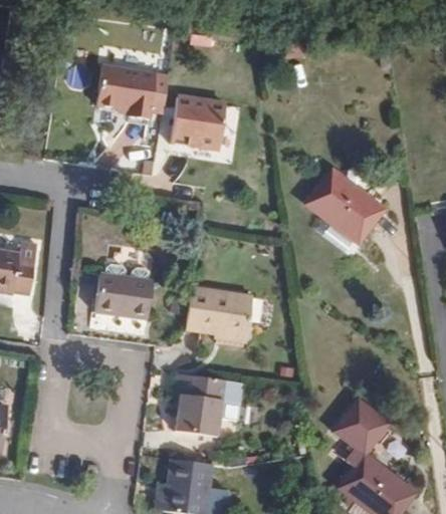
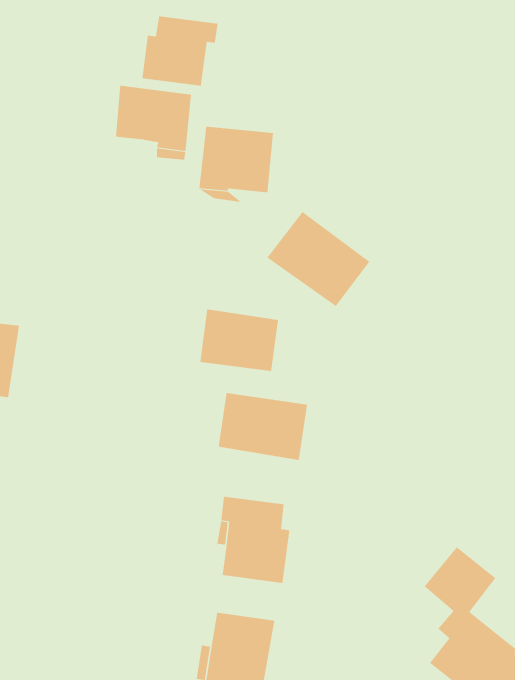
building: none -> [142,16,218,86]
building: [306,169,383,239] -> [267,211,370,307]
building: [90,273,149,319] -> [200,309,279,372]

